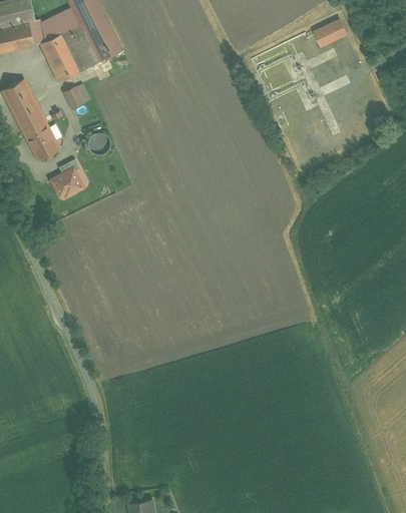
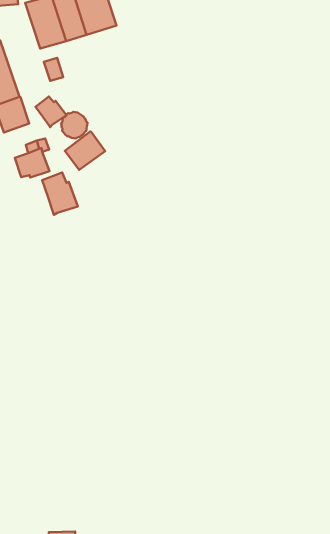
building: none -> [36,96,66,127]
building: none -> [65,132,105,170]
building: none -> [42,173,78,215]

